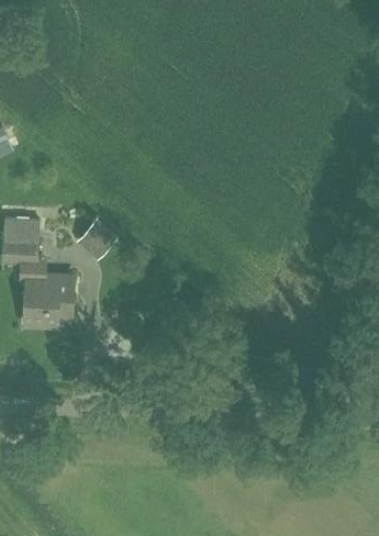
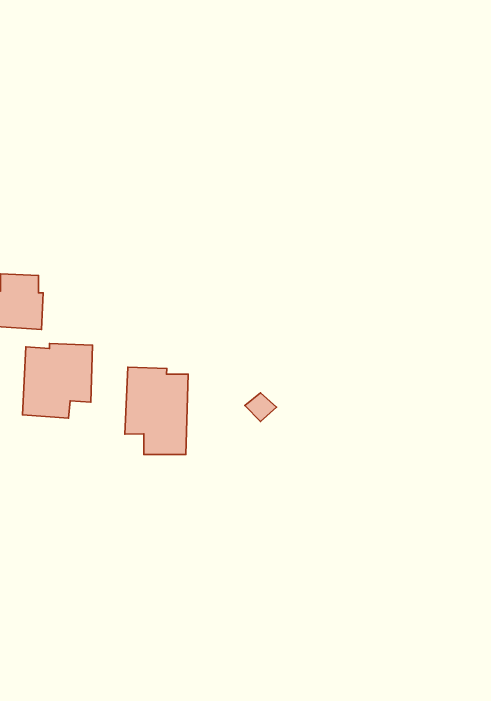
building: none -> [125,367,188,455]

